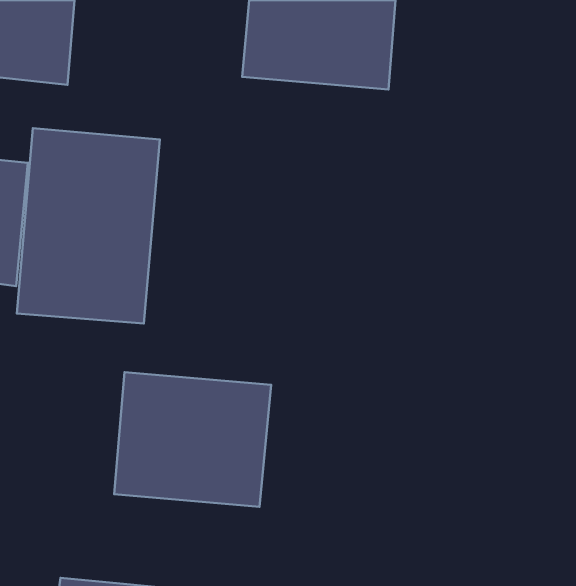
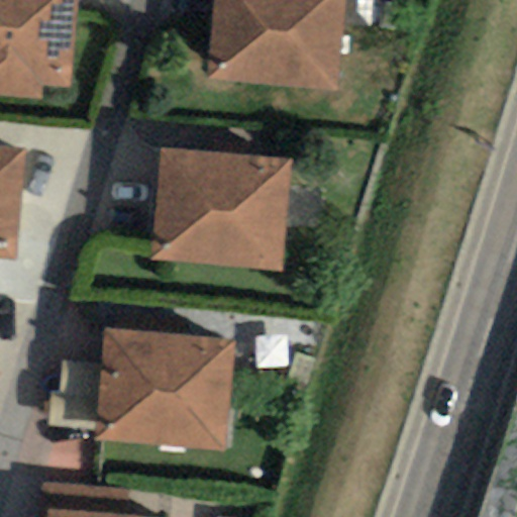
building: [17,128,160,323] -> none
building: none -> [156,148,293,266]

